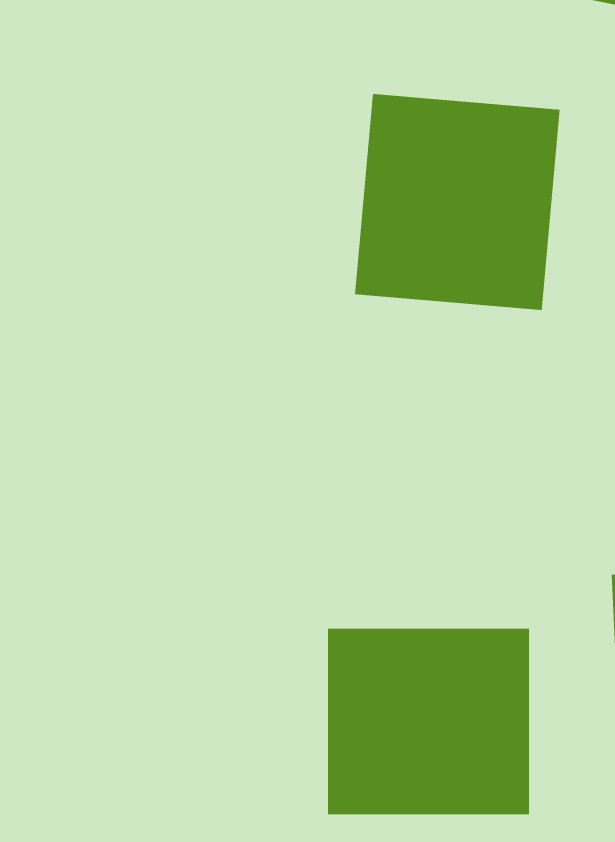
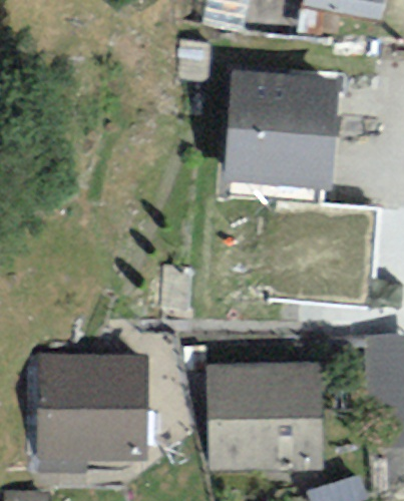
building: none -> [36,355,146,471]

